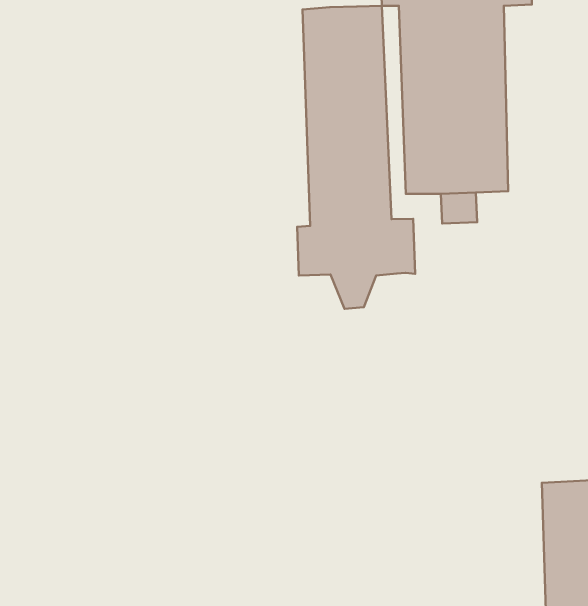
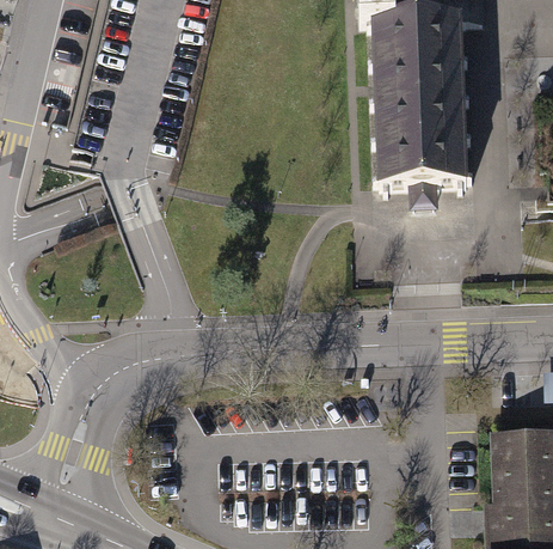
building: [297,6,415,309] -> none

